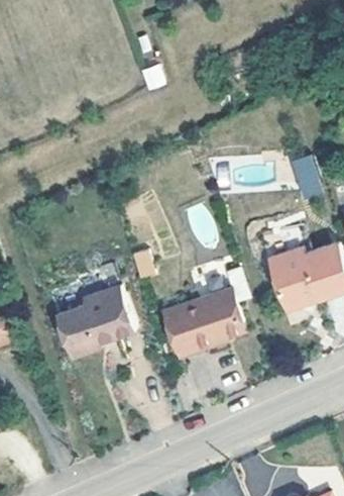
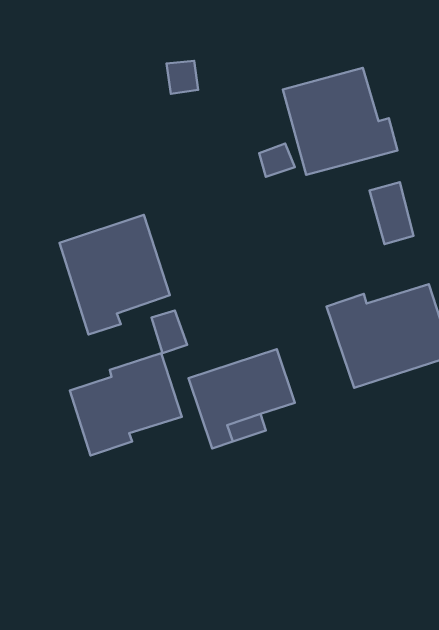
building: none -> [283,68,398,175]
building: none -> [60,215,170,334]

